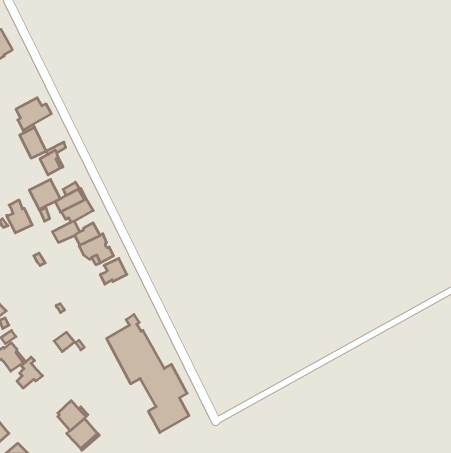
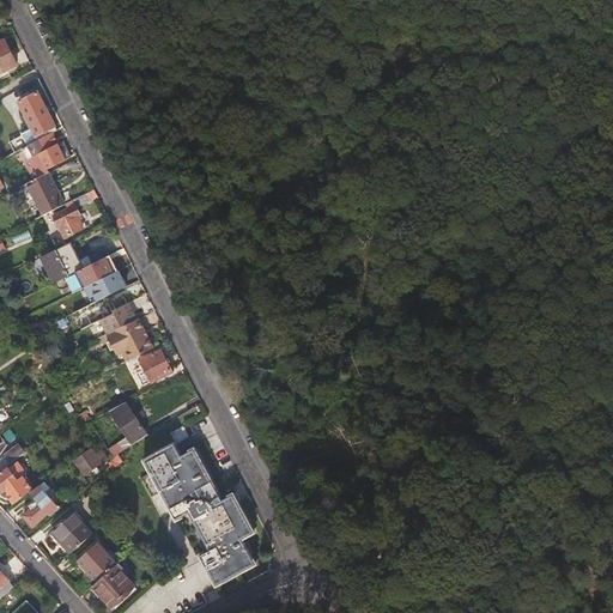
building: none -> [7,92,56,153]
building: [7,200,32,233] -> none
building: none -> [109,401,146,450]
building: none -> [49,511,89,553]

